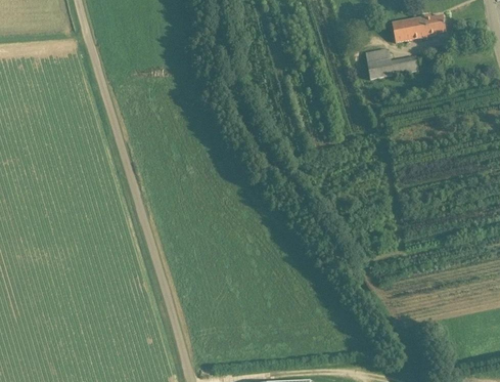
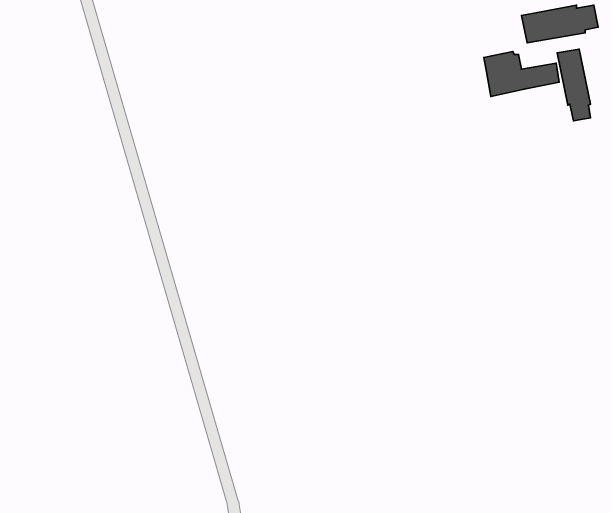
building: none -> [557,49,591,121]

